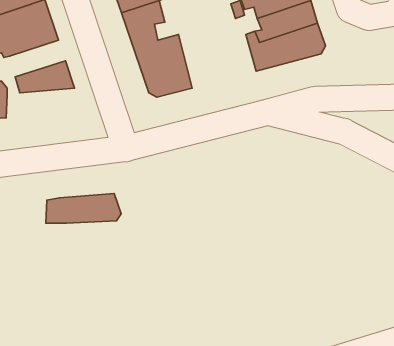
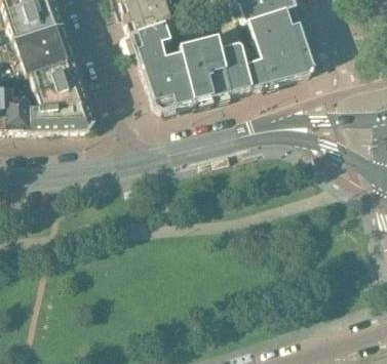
building: none -> [177,34,248,100]
building: none -> [27,57,77,90]
building: [46,193,121,223] -> [24,100,91,127]

